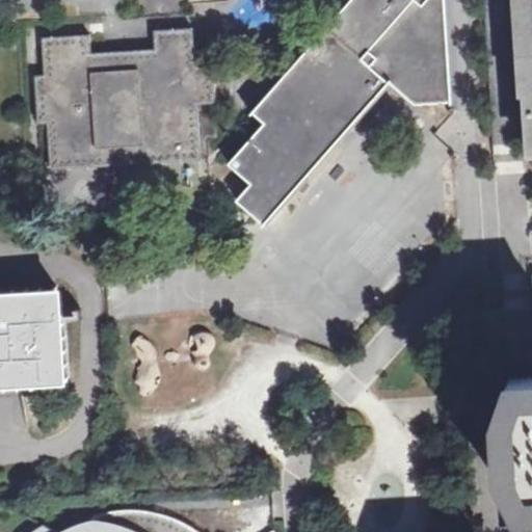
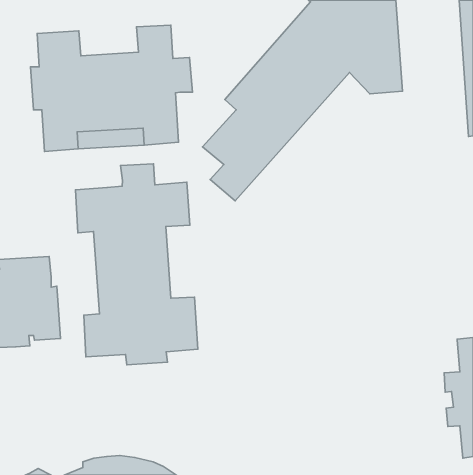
building: none -> [75,164,198,365]

